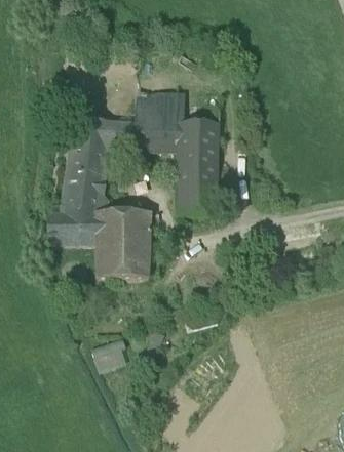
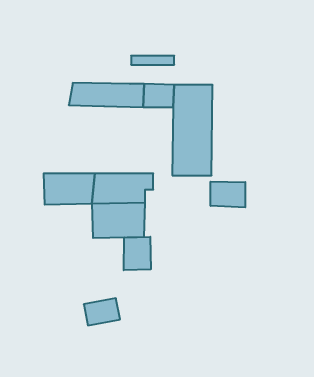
building: [135,100,180,121] -> none
building: [63,141,108,211] -> none
building: none -> [211,182,245,207]
building: none -> [124,237,151,270]

